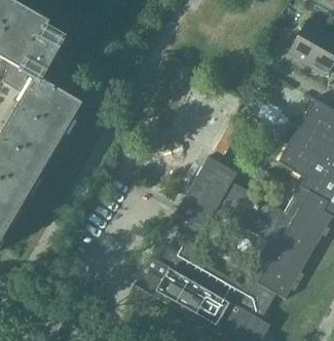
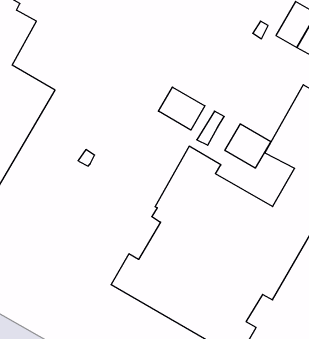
building: none -> [158,87,205,130]
building: none -> [225,124,271,168]

